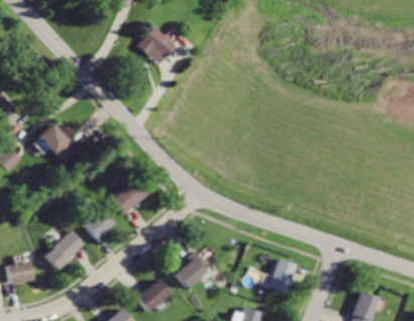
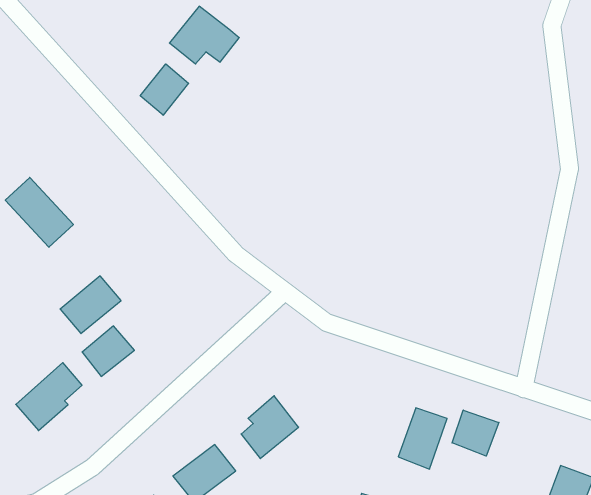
building: none -> [140,64,189,115]
building: [113,179,148,212] -> [60,276,121,334]
building: none -> [452,410,499,456]

